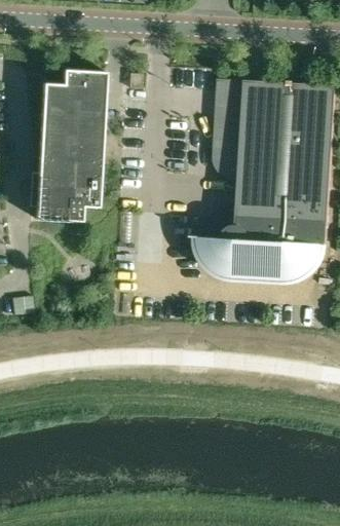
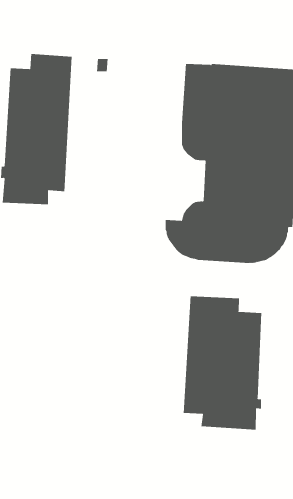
building: none -> [183,296,262,431]

